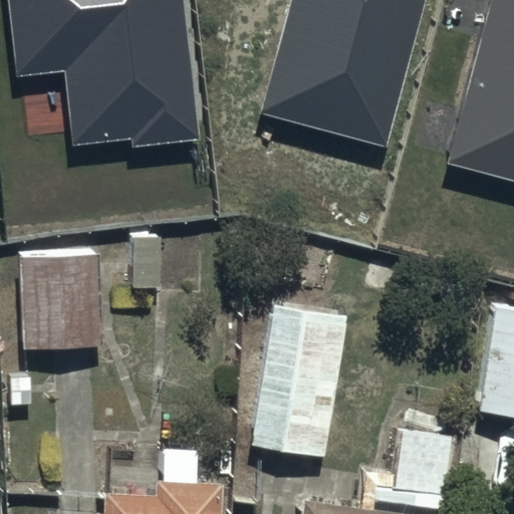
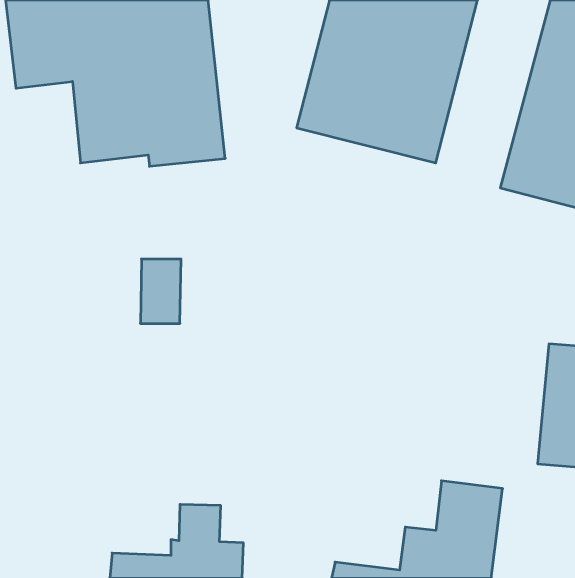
building: [19,252,102,352] -> none
building: [249,301,346,456] -> none

